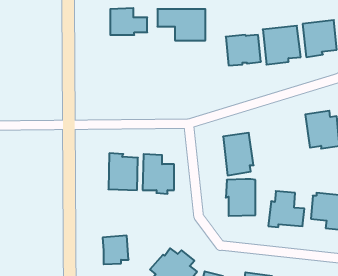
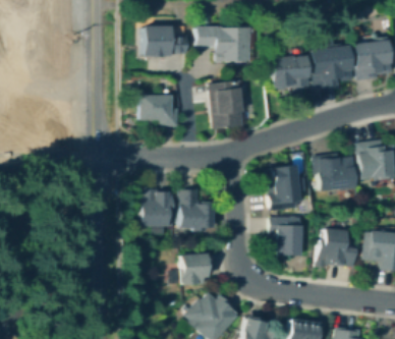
building: none -> [207,78,245,129]
building: none -> [140,94,177,126]
building: none -> [315,153,357,190]
building: [103,236,129,264] -> [181,252,210,284]

